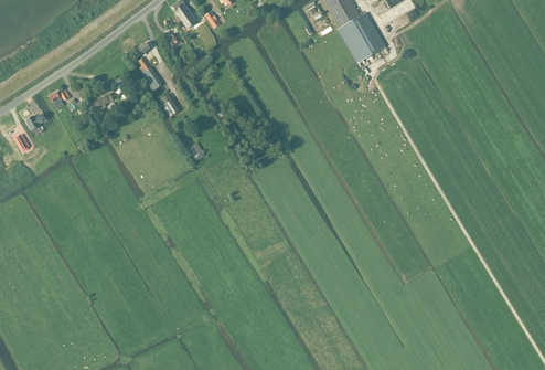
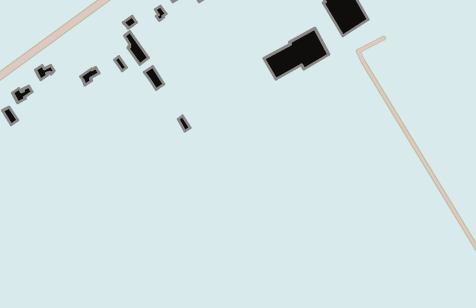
building: none -> [264,28,329,79]

